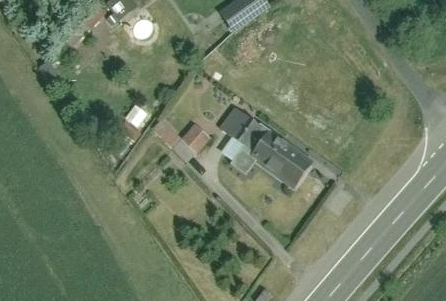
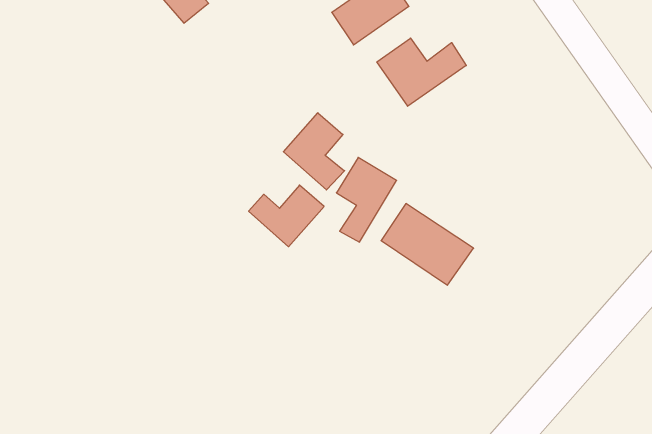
building: none -> [377,38,466,106]
building: none -> [283,113,345,190]

